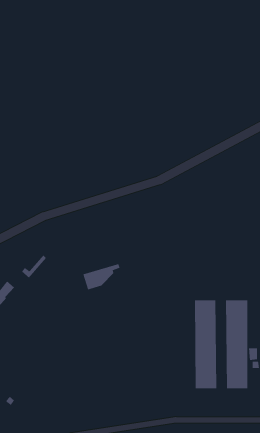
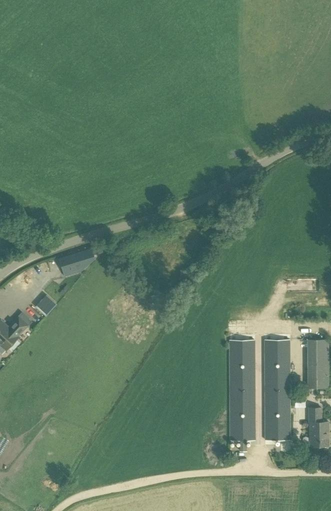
building: [82,264,120,290] -> [58,247,101,277]

